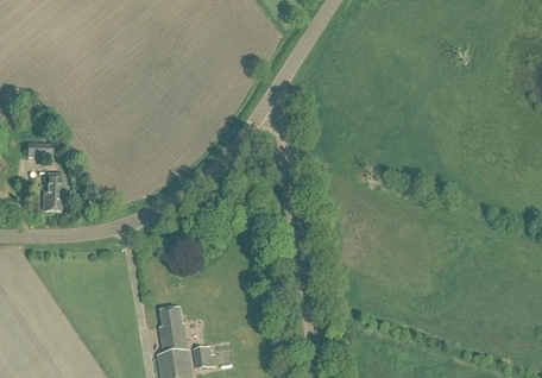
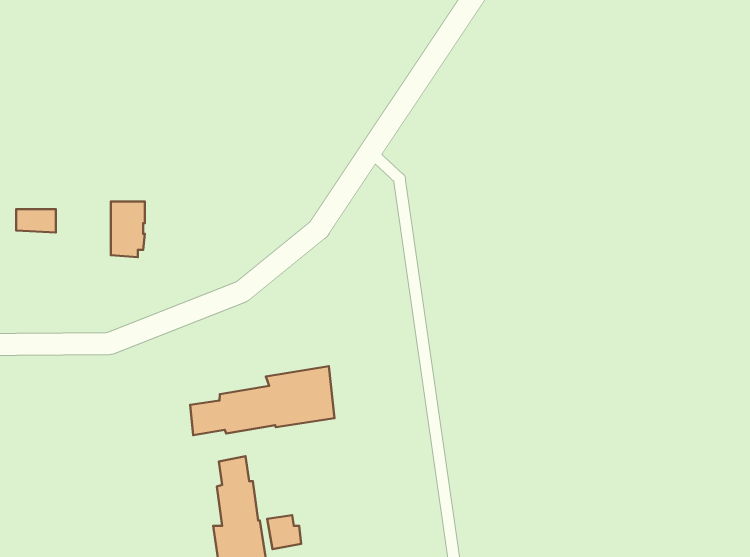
building: [43,174,65,210] -> [111,202,145,257]
building: none -> [190,366,334,435]

